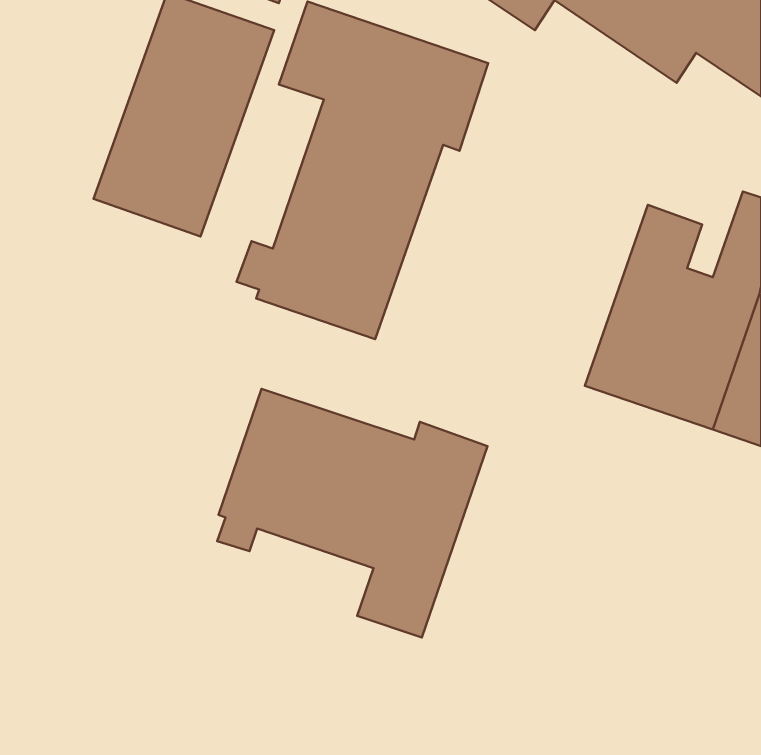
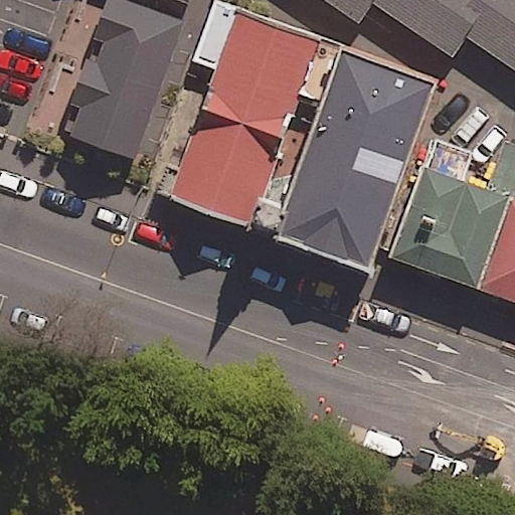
building: none -> [274,55,436,276]
building: [217,389,487,638] -> none

